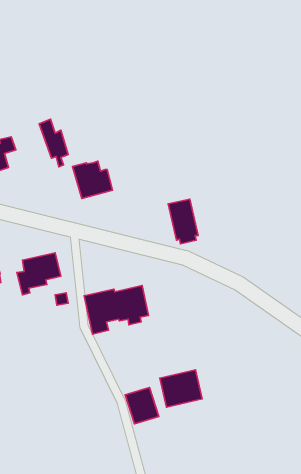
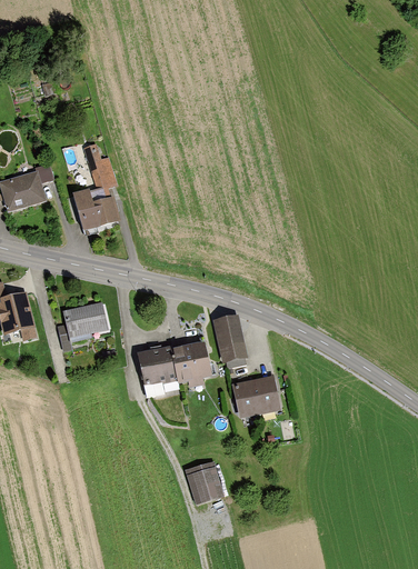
building: [72,161,113,198] -> [72,187,120,231]
building: [168,199,198,244] -> [212,315,248,368]
building: [160,370,202,407] -> [231,375,281,419]

